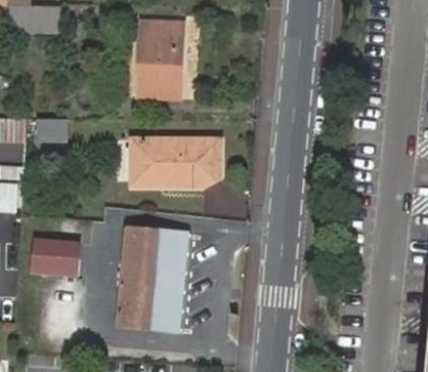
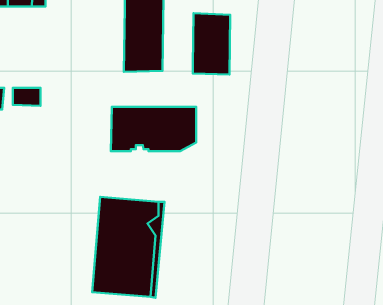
building: none -> [193,13,230,74]
building: [30,240,75,276] -> none

